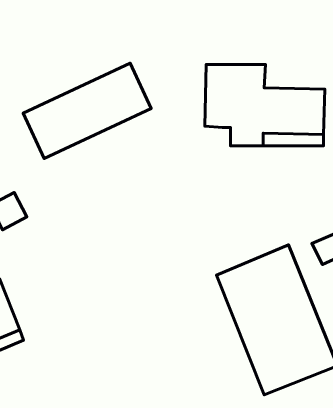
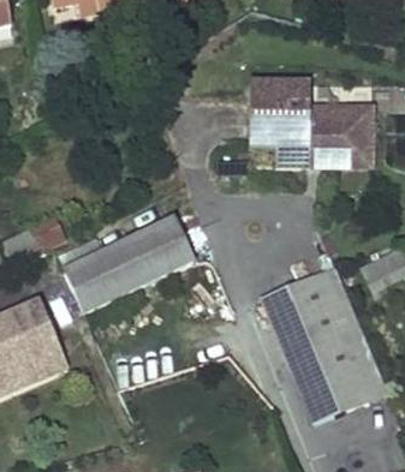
building: [23,63,151,159] -> [62,214,195,312]

